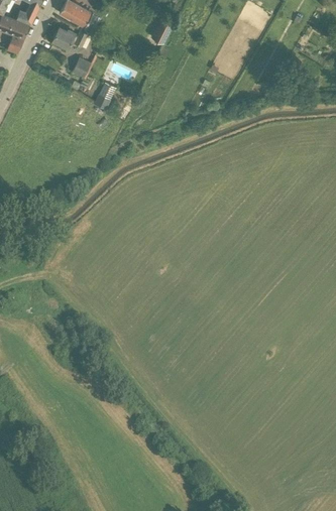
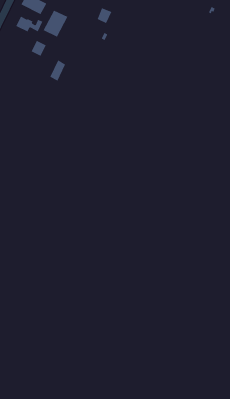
building: none -> [43,10,68,38]

